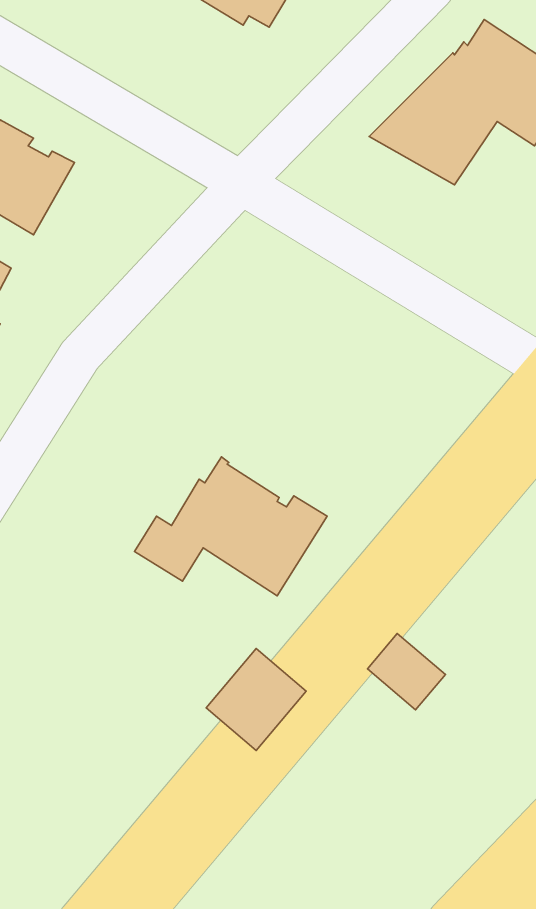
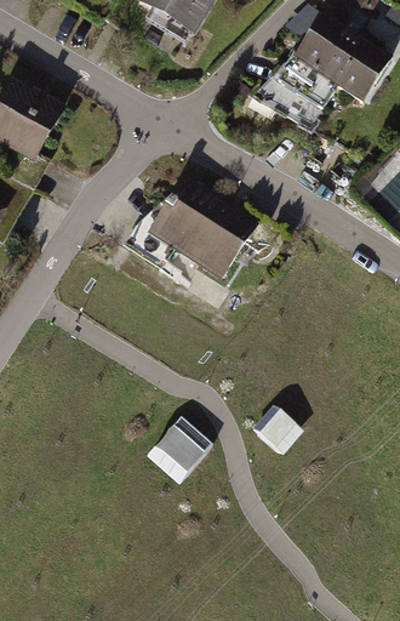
building: [134,457,327,596] -> [130,181,256,272]

